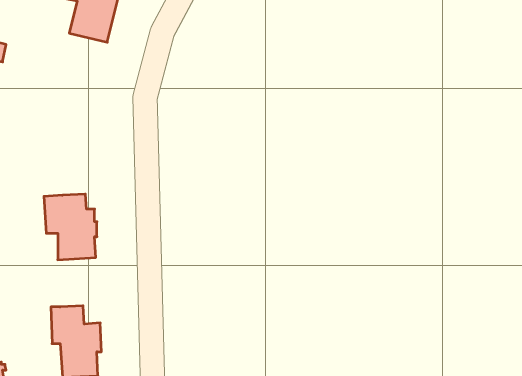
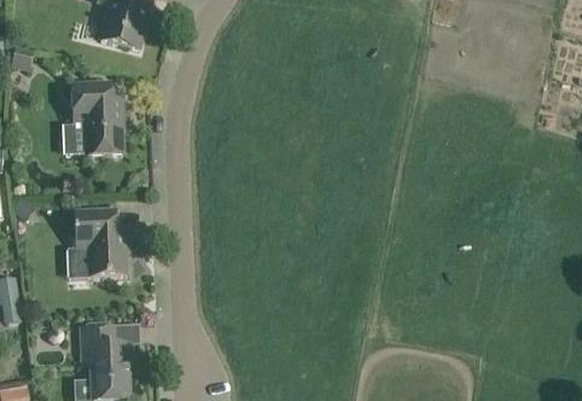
building: none -> [70,82,122,155]

